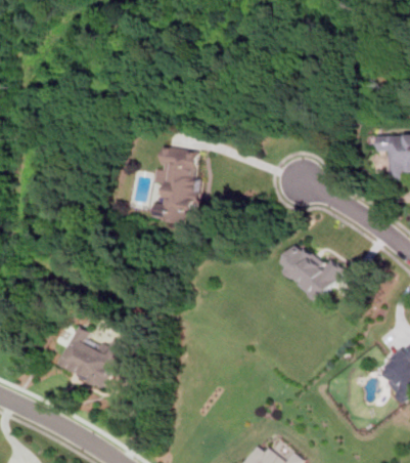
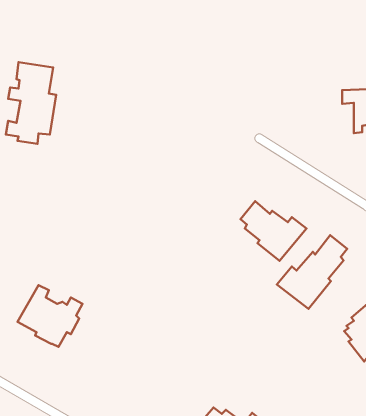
building: [151,145,200,225] -> [6,62,56,144]
building: none -> [277,235,347,309]

